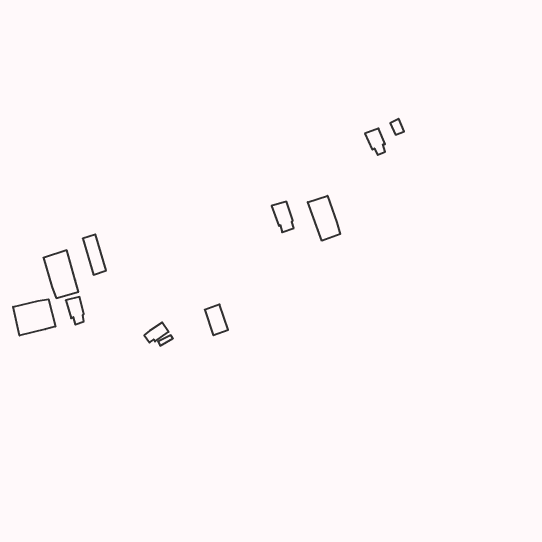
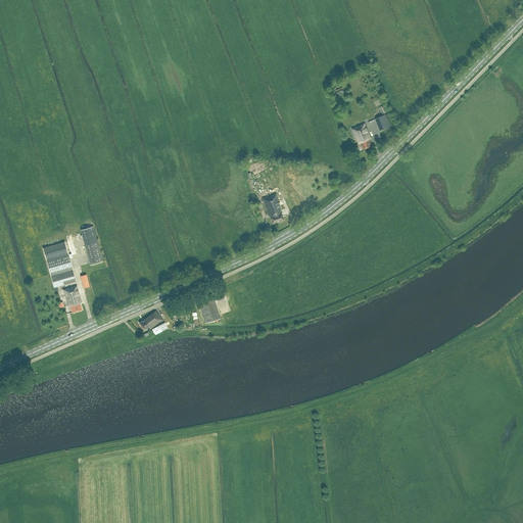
building: [308,196,340,241] -> none
building: [13,299,55,336] -> none

